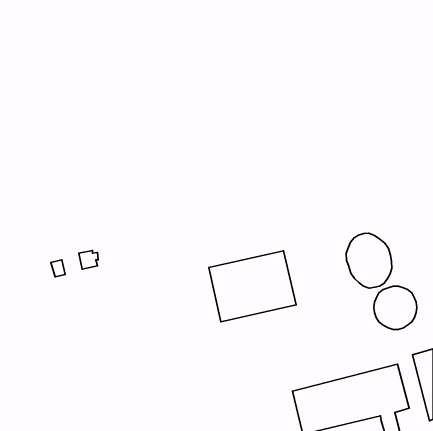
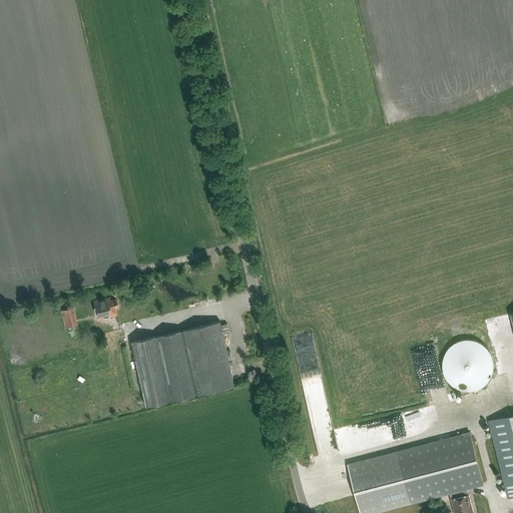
building: [346,233,392,288] -> none
building: [209,251,296,322] -> [131,323,234,407]

